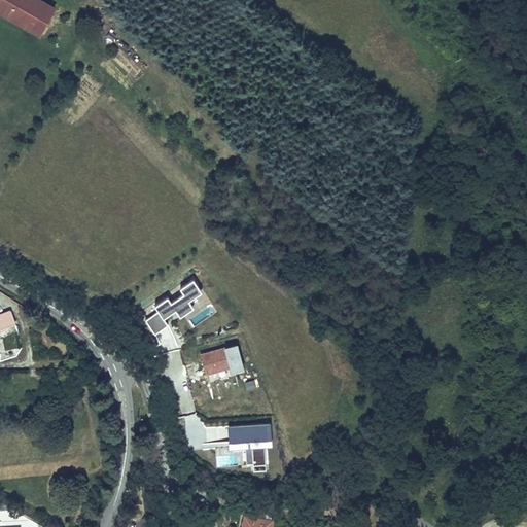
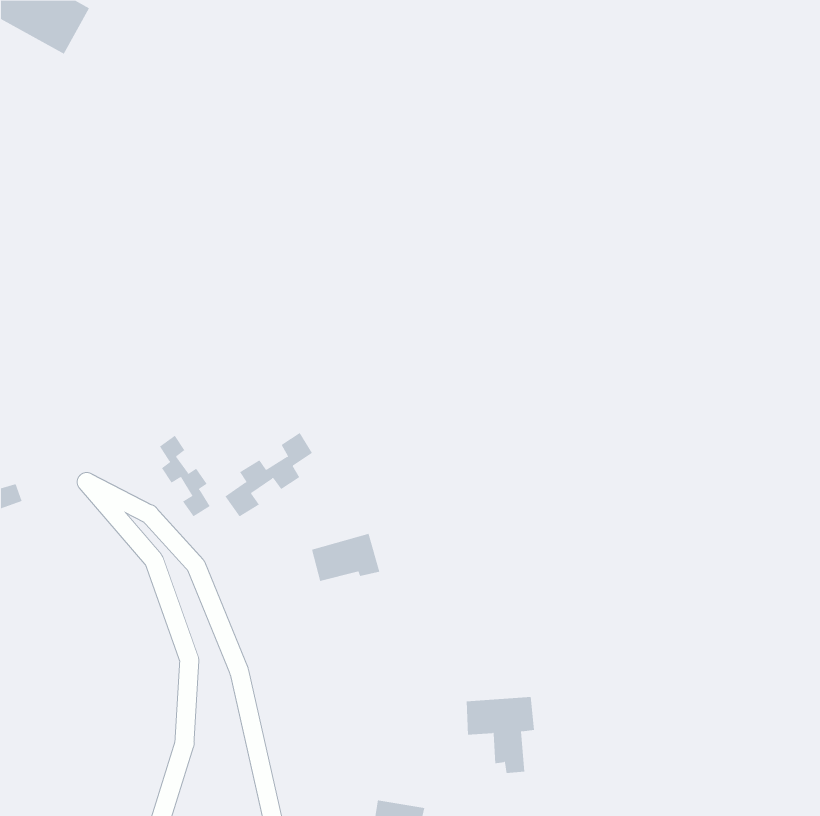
building: none -> [159,435,211,517]
building: [227,423,272,472] -> [466,696,535,774]

